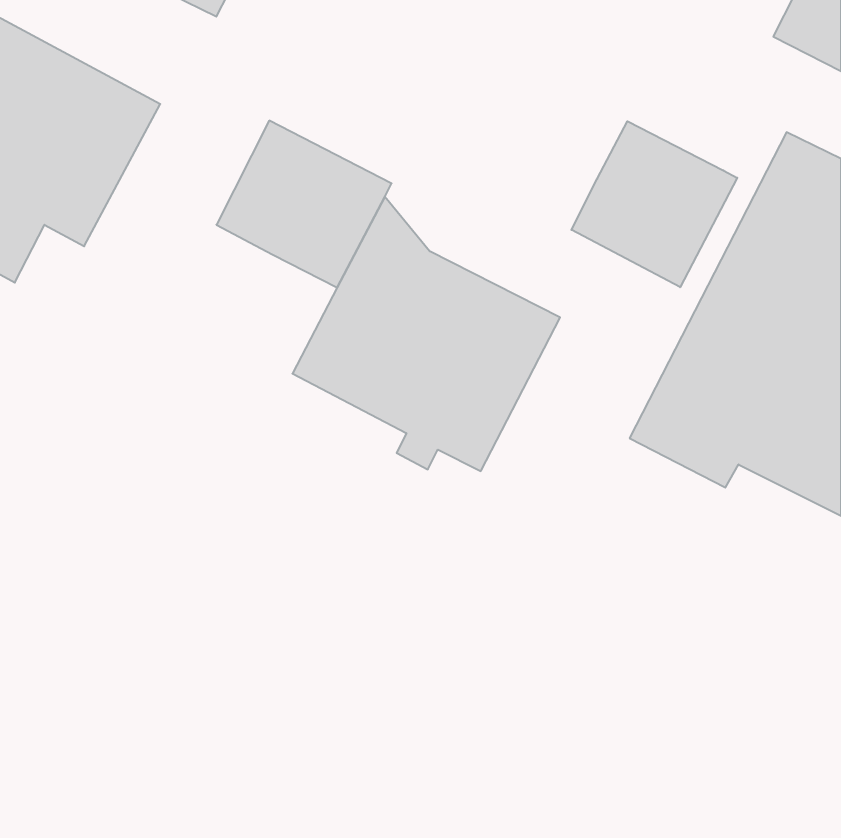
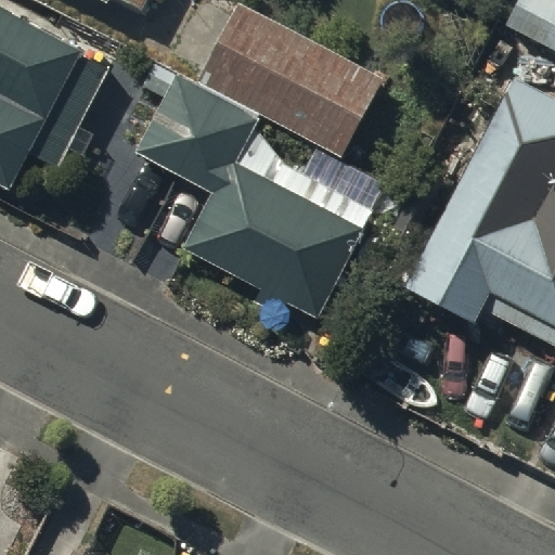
building: none -> [203,10,377,152]
building: [571,121,737,287] -> none

